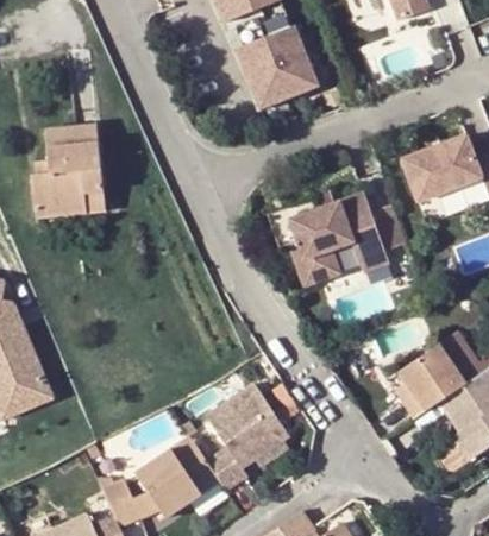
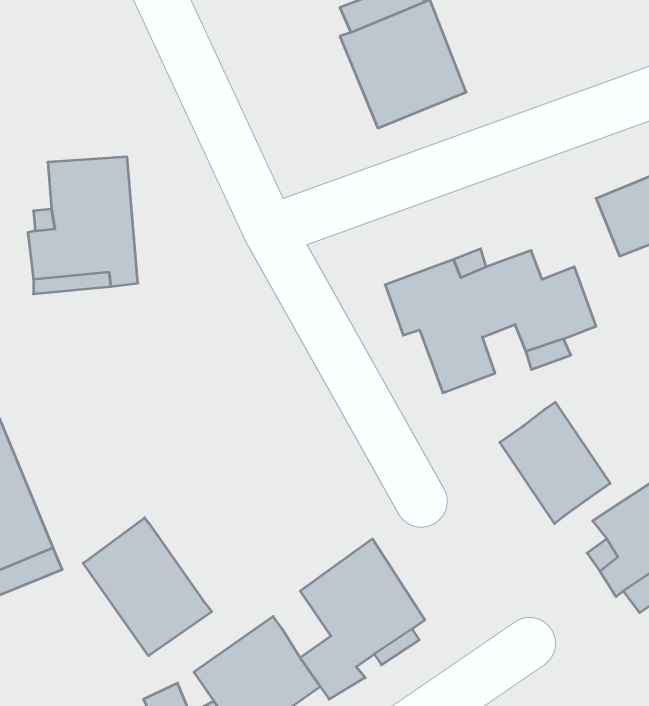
building: none -> [500,402,610,524]
building: none -> [83,518,212,656]

